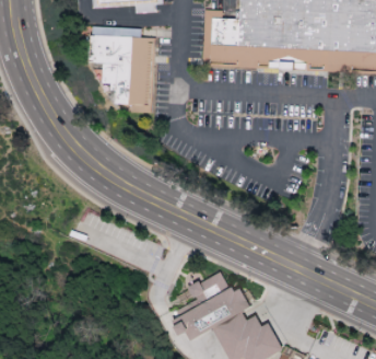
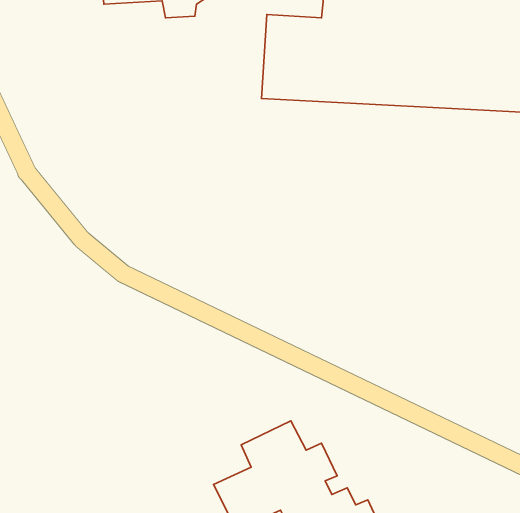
building: [94,35,155,112] -> none

